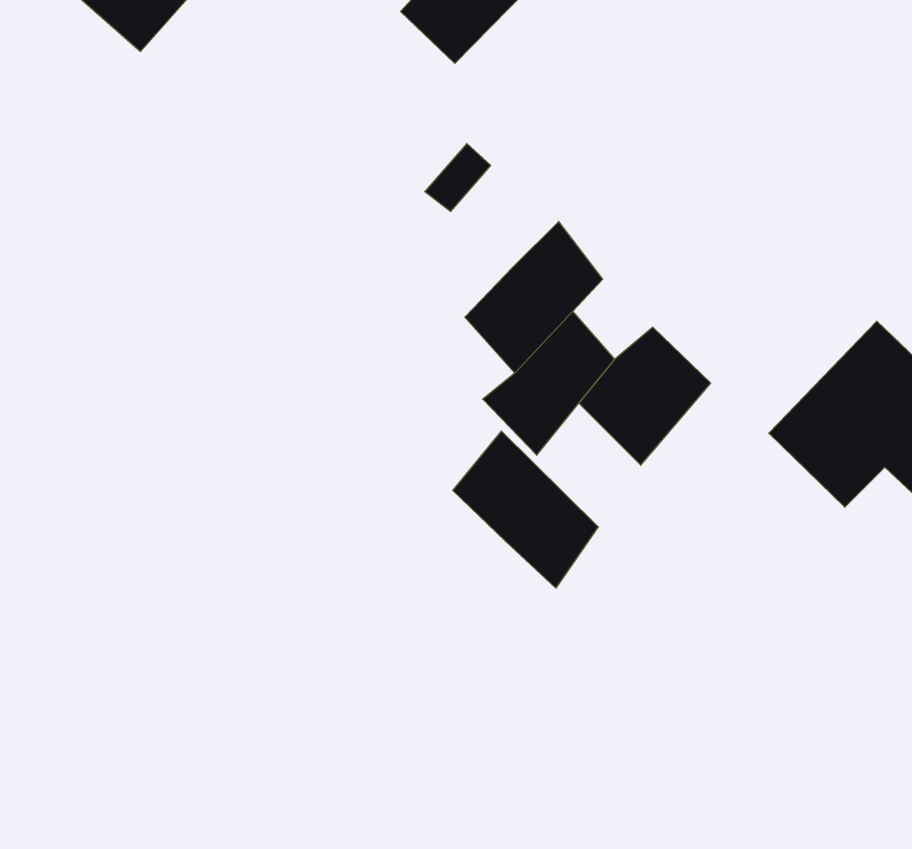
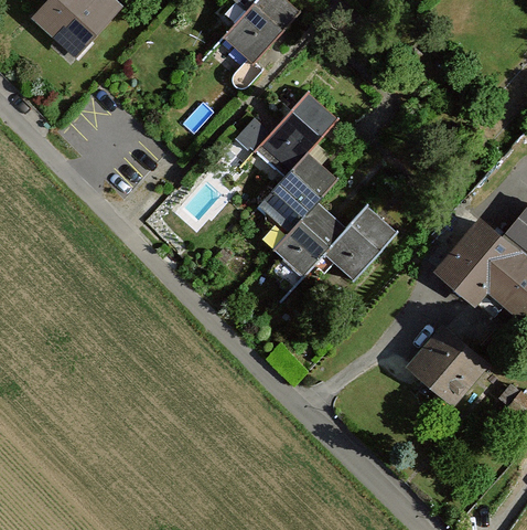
building: none -> [258,94,334,176]
building: [453,431,598,588] -> none
building: none -> [408,322,491,405]

